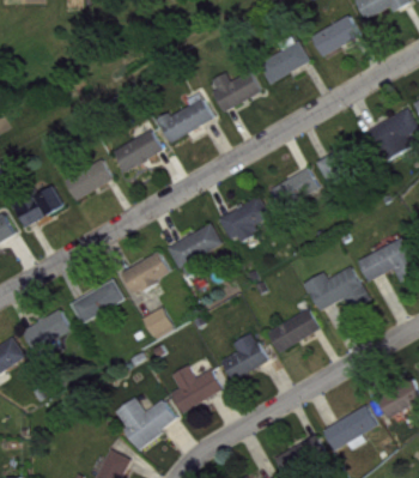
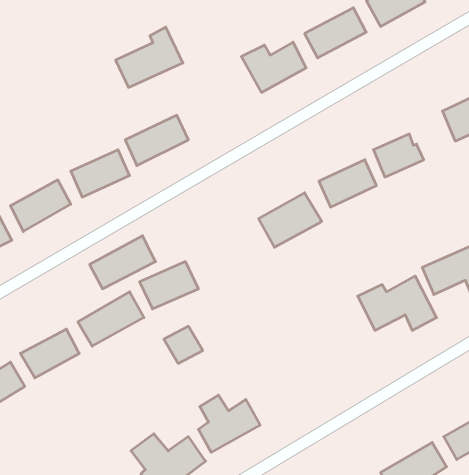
building: [157,91,213,141] -> [116,27,183,87]
building: [166,223,221,267] -> [90,236,156,289]
building: [266,308,318,352] -> none
building: [221,332,267,379] -> none

